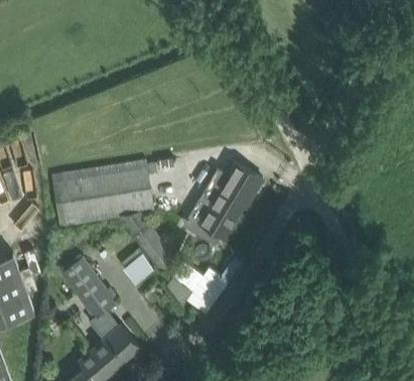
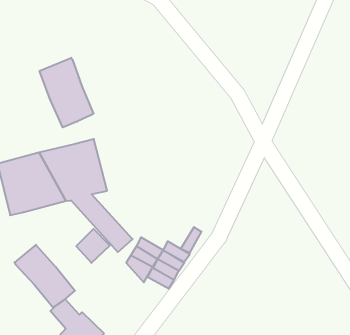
building: none -> [40,58,93,127]
building: [188,165,262,246] -> none

